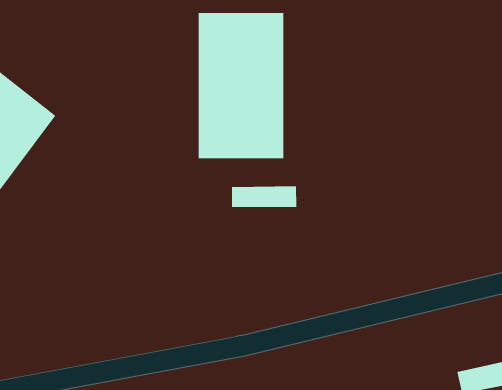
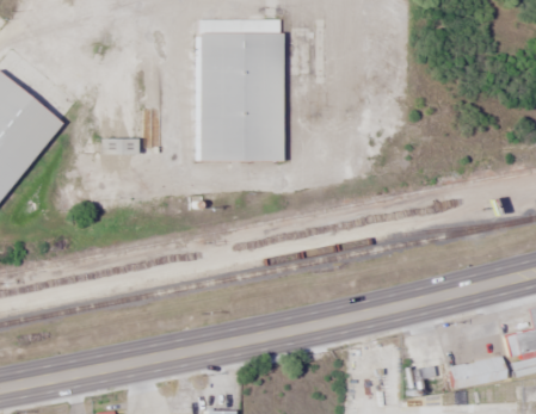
building: [232,186,297,208] -> none

